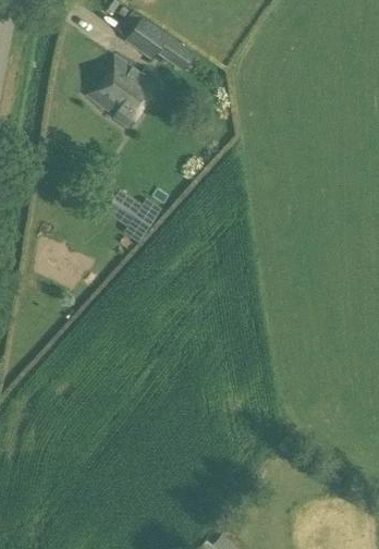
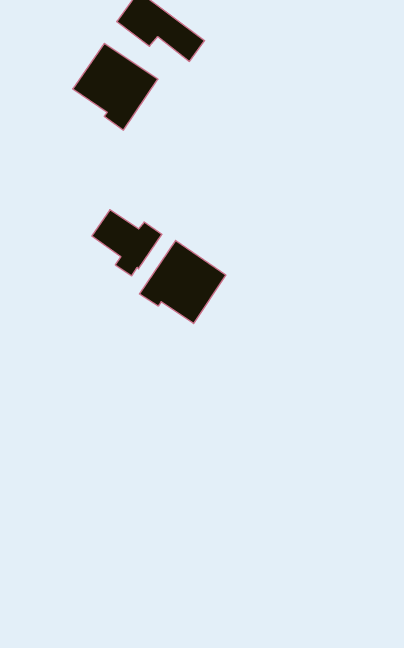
building: none -> [139,240,226,324]

